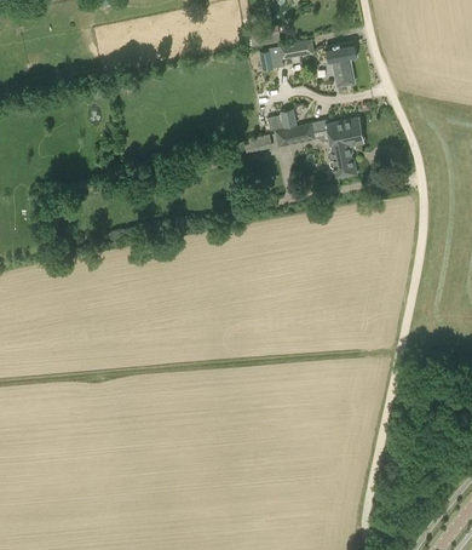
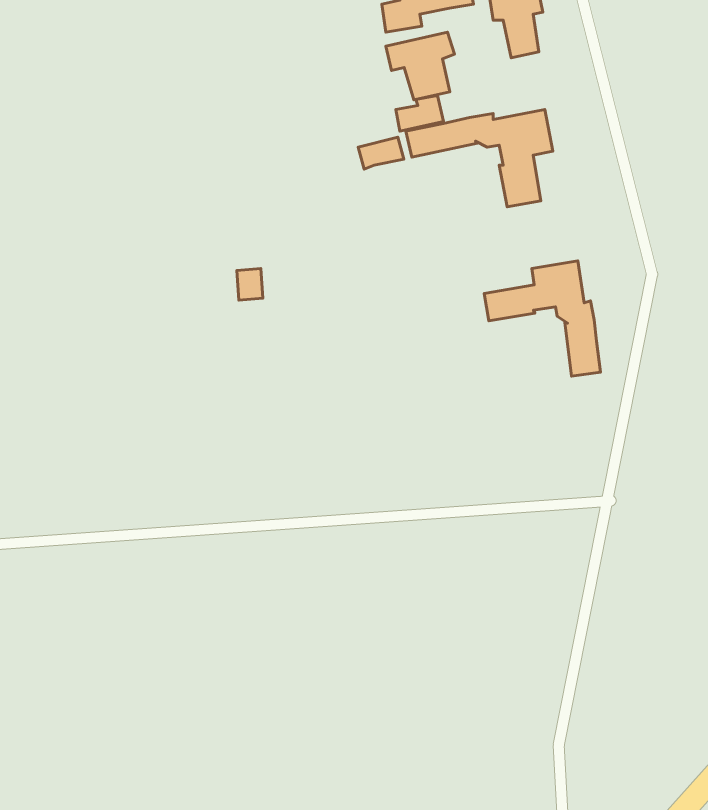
building: none -> [386,32,454,100]
building: none -> [484,261,600,376]

